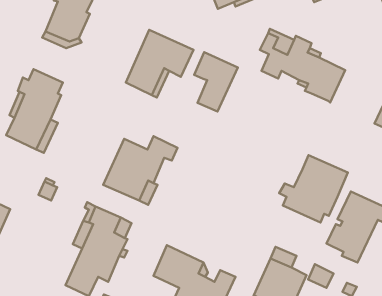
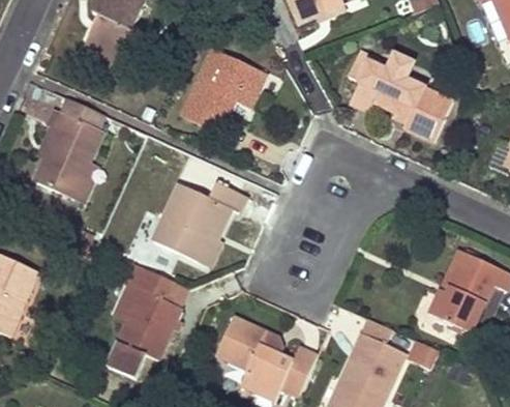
building: [194,52,238,111] -> none
building: [279,155,348,223] -> none

